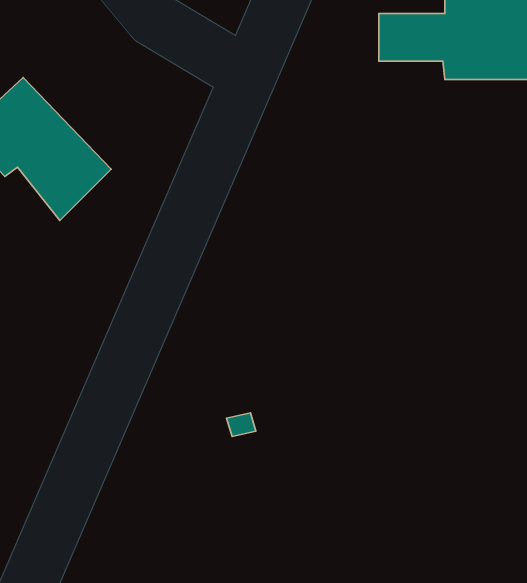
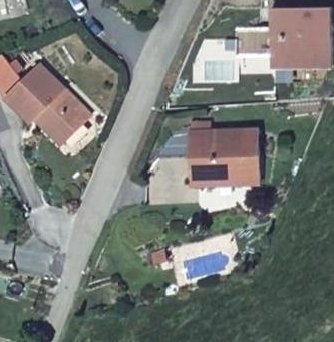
building: none -> [189,129,256,185]

